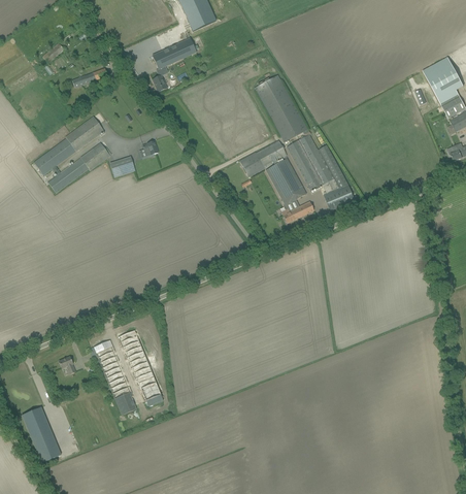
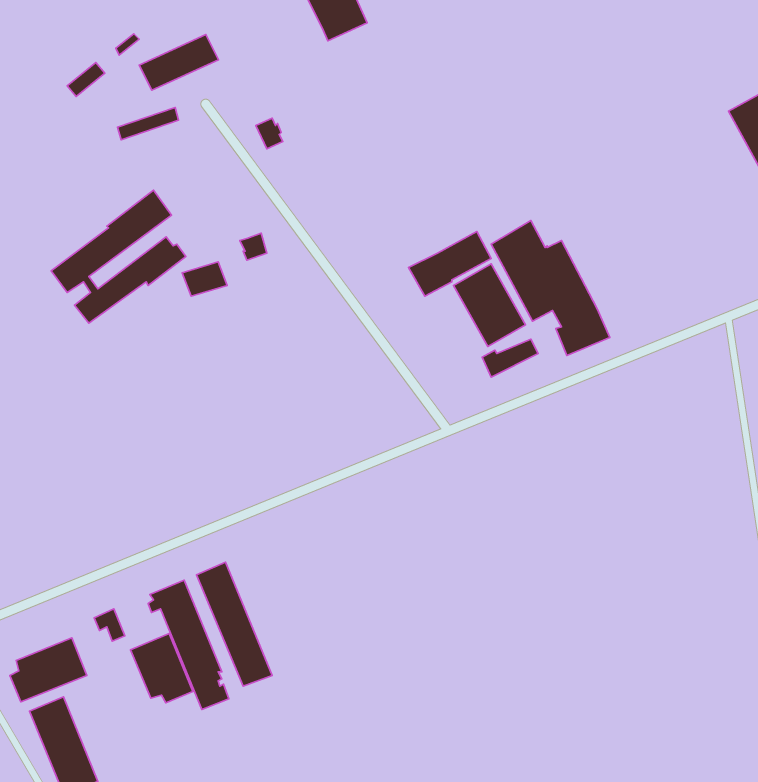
building: [152,37,197,69] -> [139,35,218,90]
building: [254,74,307,142] -> none
building: none -> [130,634,193,703]
building: none -> [10,638,87,702]

